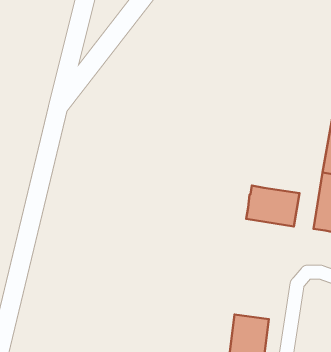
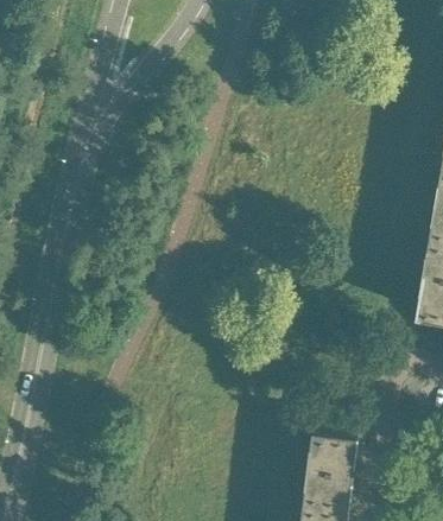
building: [246,185,299,226] -> none

